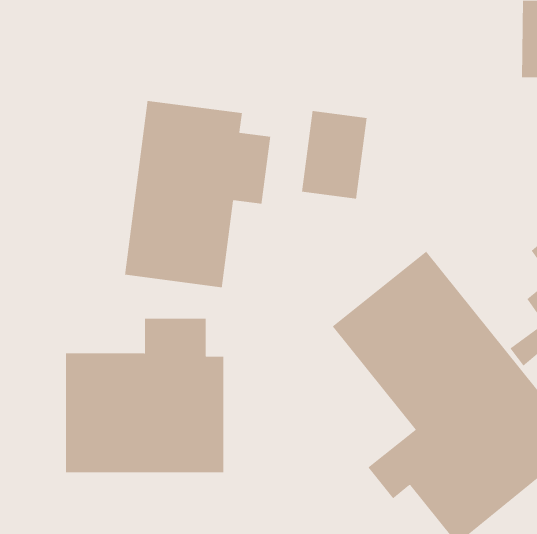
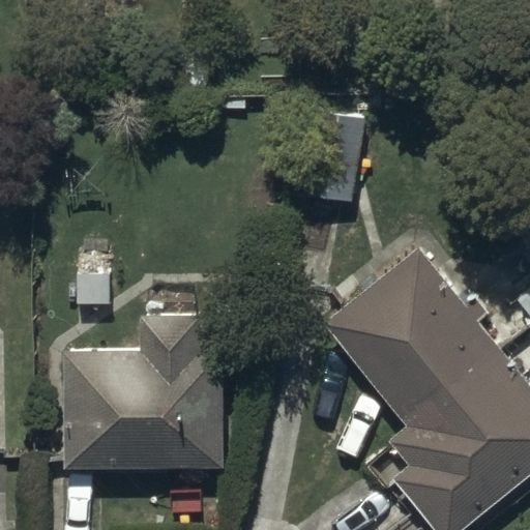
building: [124,100,271,288] -> none

